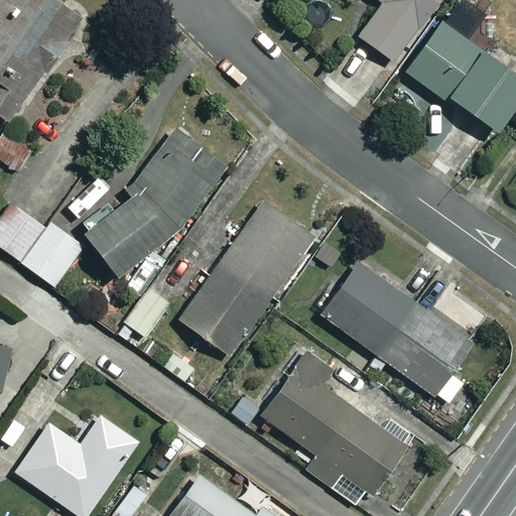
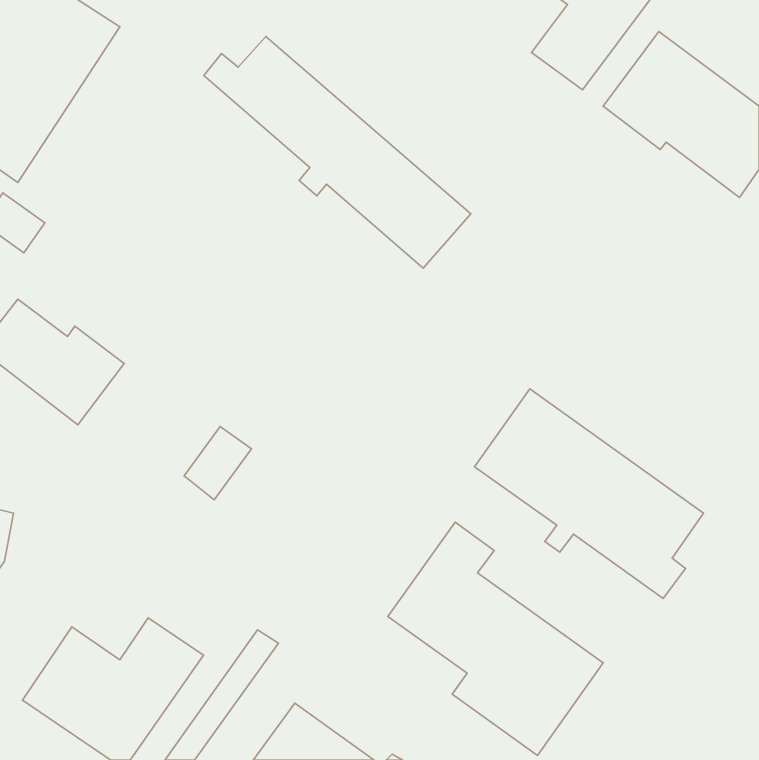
building: none -> [204,36,471,268]
building: [85,126,231,278] -> none
building: [178,202,313,356] -> none

